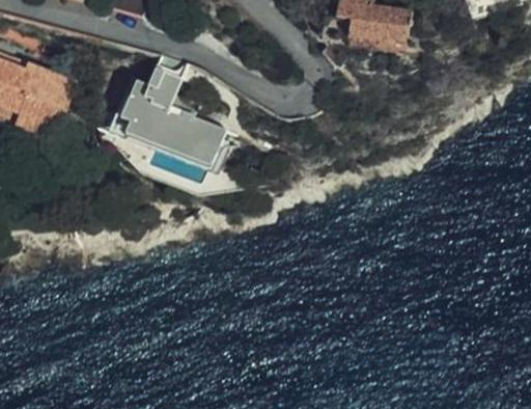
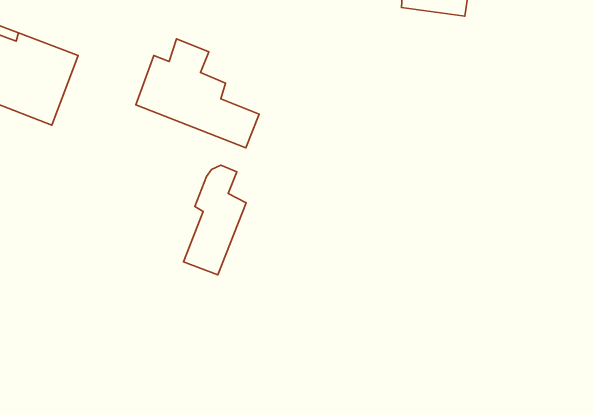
building: none -> [183,165,246,275]

